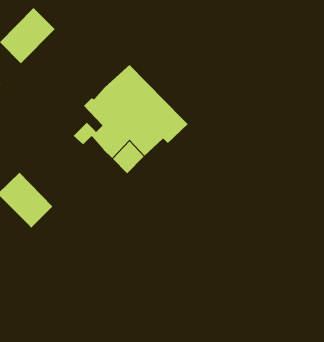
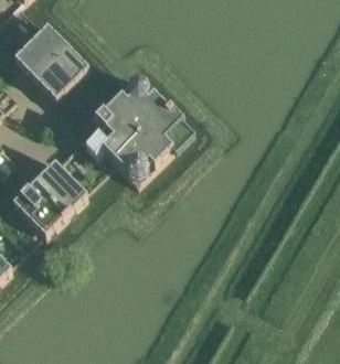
building: none -> [33,43,86,97]
building: none -> [32,158,85,212]

